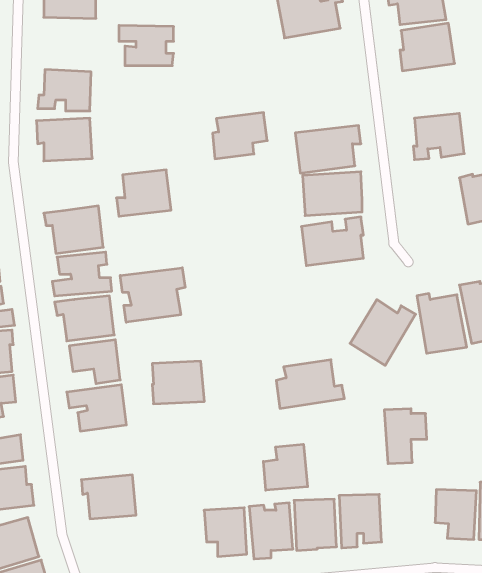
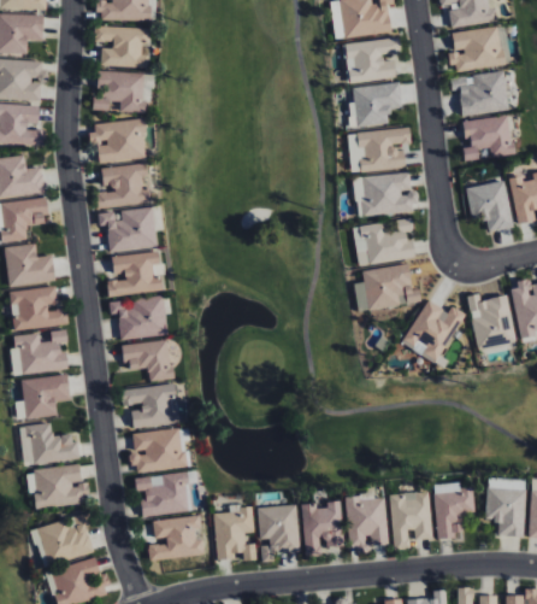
building: [119,25,174,66] -> [94,27,148,66]
building: none -> [344,37,400,83]
building: none -> [450,71,508,116]
building: [213,113,267,159] -> [348,82,402,128]
building: [116,170,171,216] -> [95,163,149,209]
building: none -> [466,181,513,231]
building: [120,268,185,322] -> none
building: [276,360,344,408] -> [354,263,421,311]
building: [152,361,204,404] -> [132,429,184,471]
building: [384,409,427,464] -> [433,482,476,536]
building: [263,444,308,490] -> none
building: none -> [213,505,256,561]
building: none -> [148,516,202,559]

